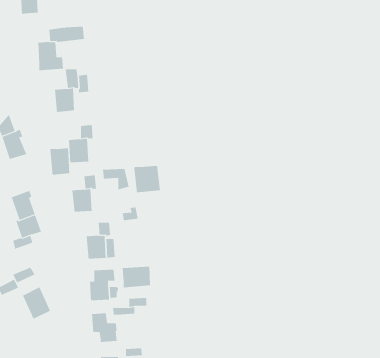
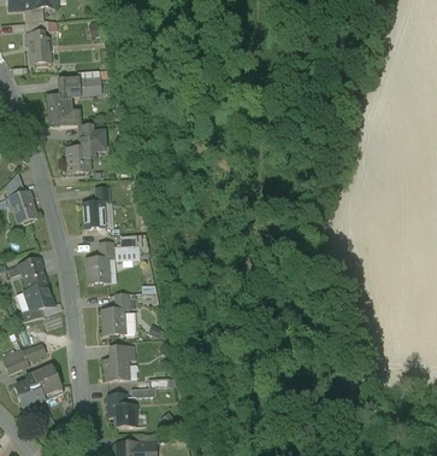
building: [50,148,70,175] -> none
building: [134,165,160,193] -> none
building: [122,266,150,288] -> none
building: none -> [14,373,43,411]

